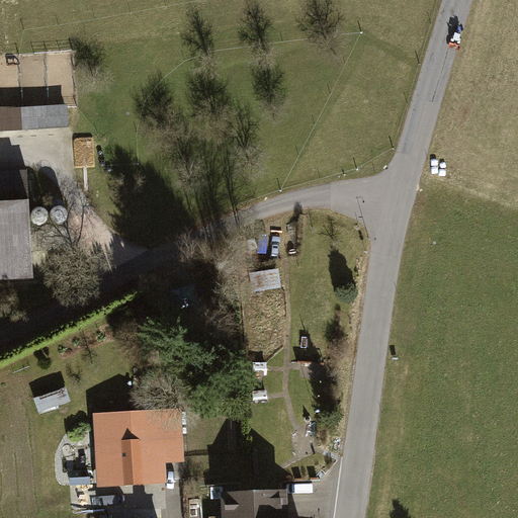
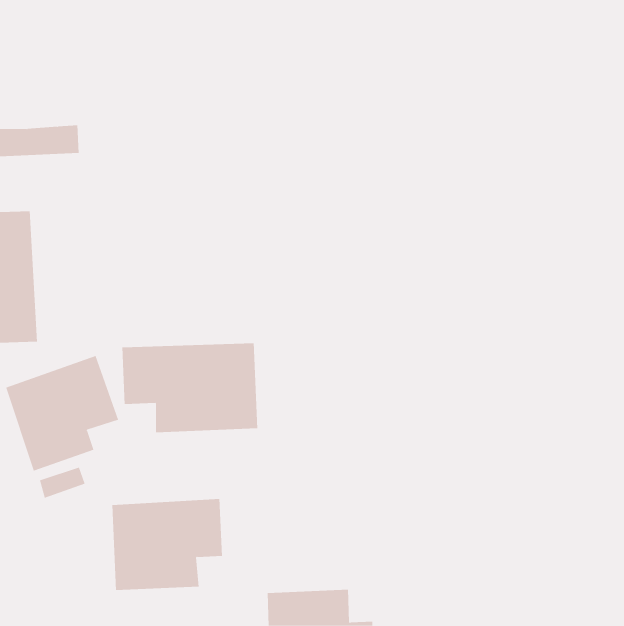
building: none -> [122,343,258,433]
building: none -> [5,355,119,472]

